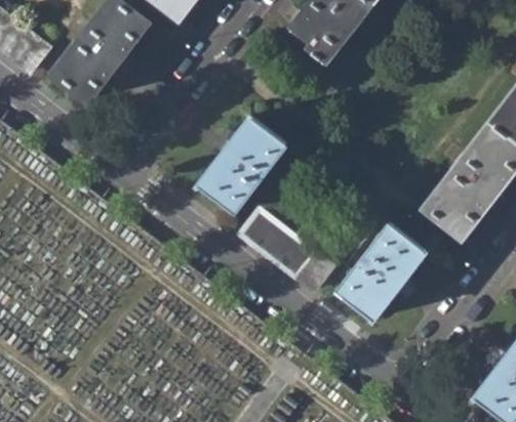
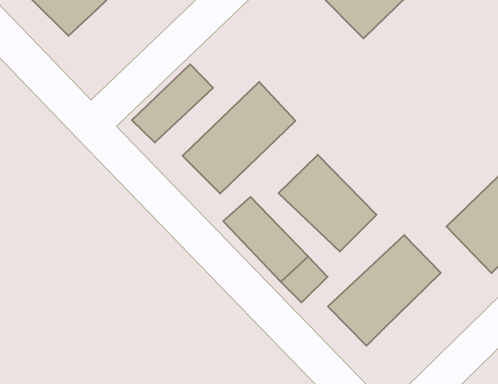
building: none -> [132,64,213,143]
building: none -> [279,155,377,252]

